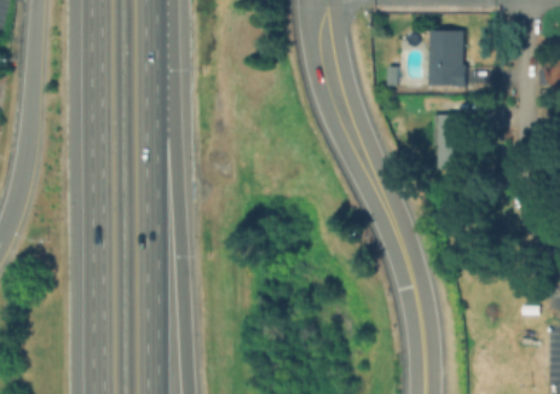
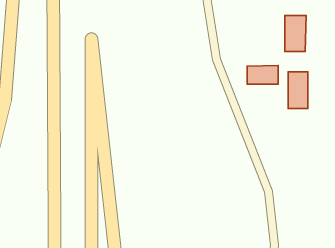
building: none -> [247,66,278,84]

